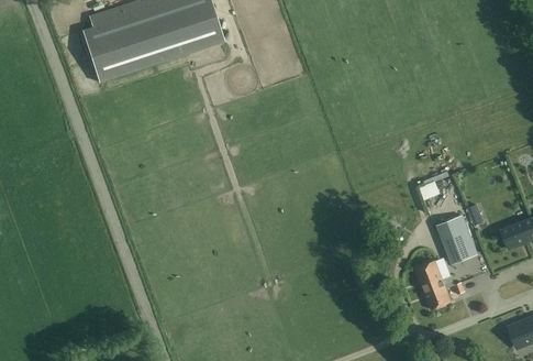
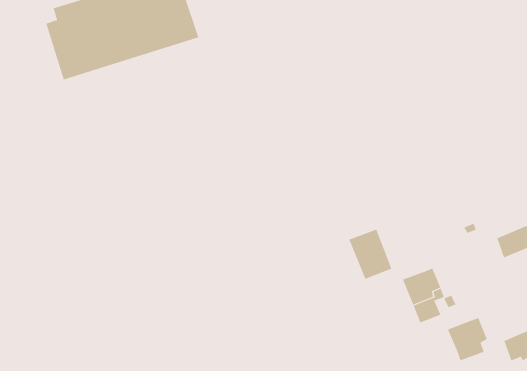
building: [436,216,477,263] -> [348,229,392,279]
building: none -> [447,317,487,361]

